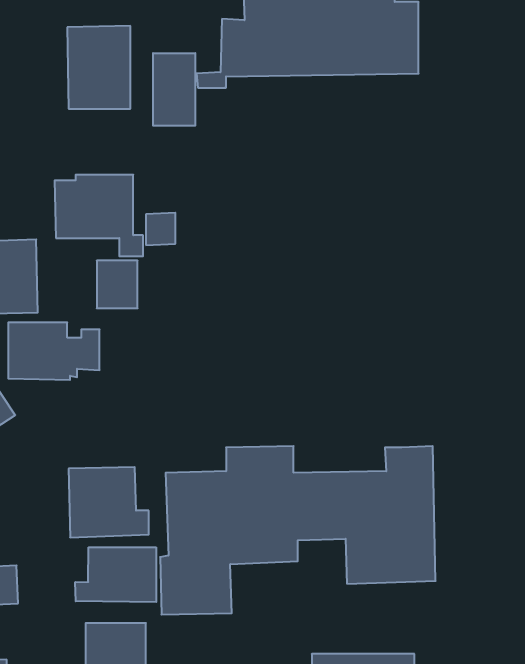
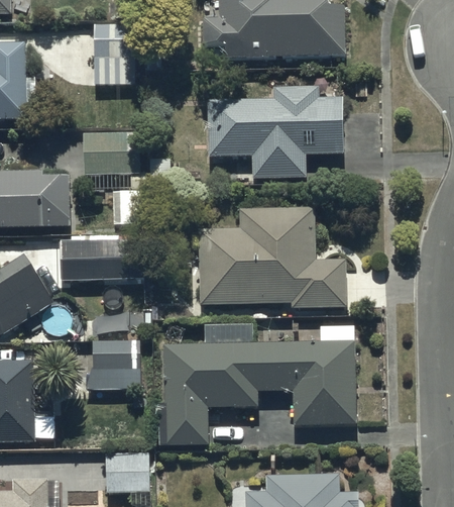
building: [153,53,195,126] -> none
building: none -> [206,87,342,177]
building: none -> [197,207,346,308]
building: [75,547,156,602] -> none

